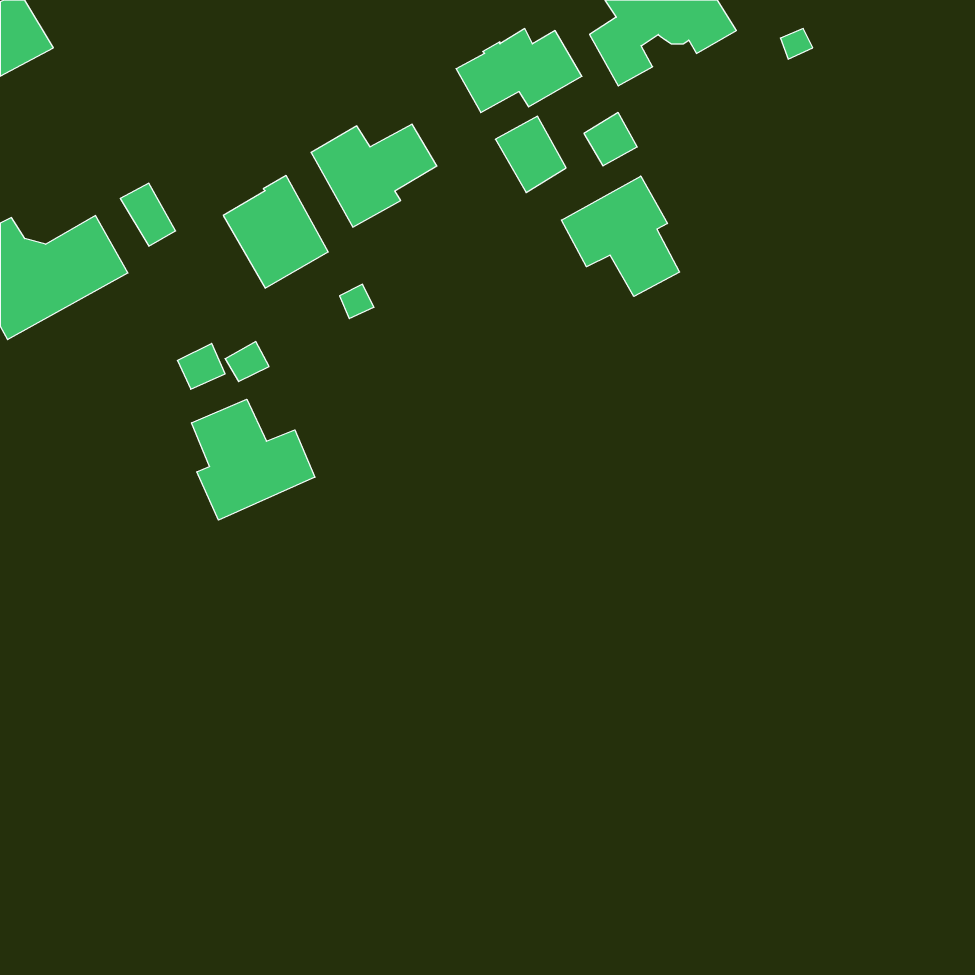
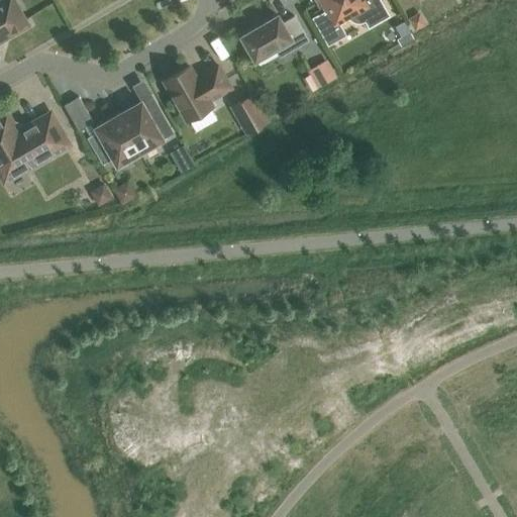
building: [495,116,566,193] -> [231,95,269,135]
building: [561,176,680,296] -> none
building: none -> [95,114,140,166]
building: [192,399,315,520] -> none

